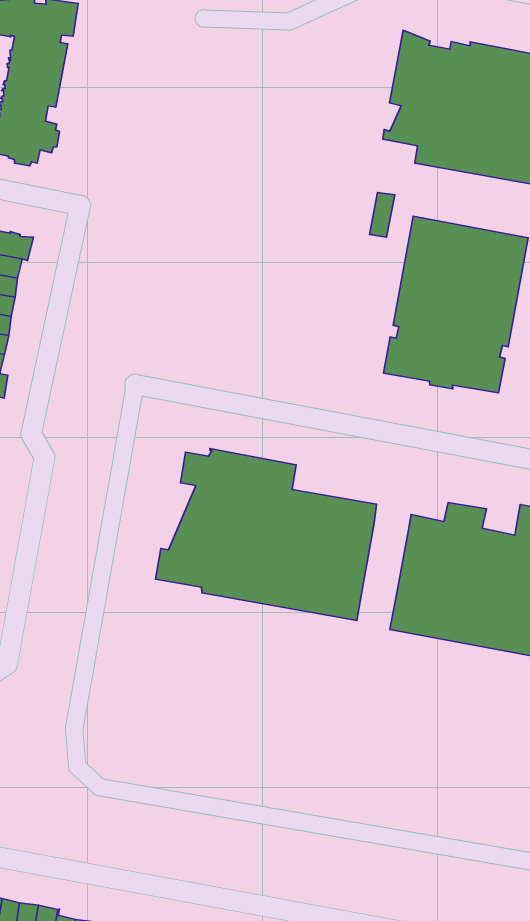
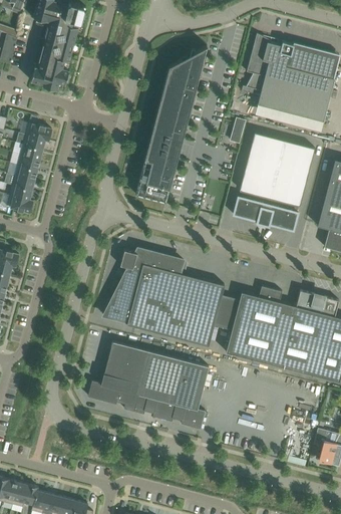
building: none -> [135,47,207,203]
building: none -> [214,295,240,330]
building: none -> [88,342,209,430]

